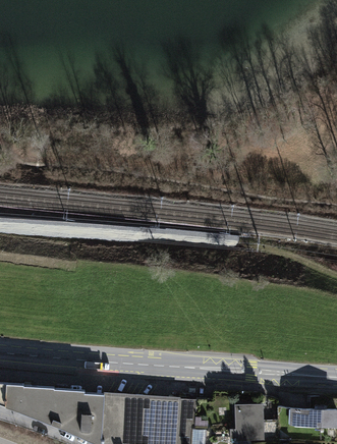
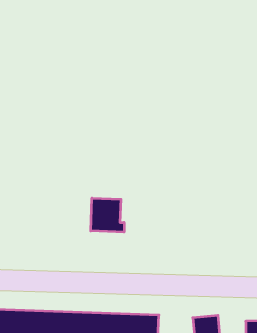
building: none -> [91,198,124,232]

